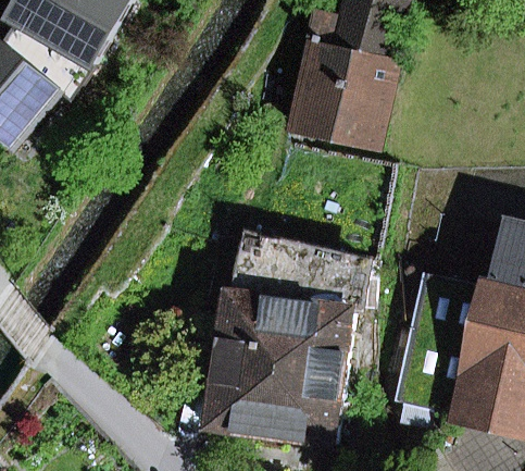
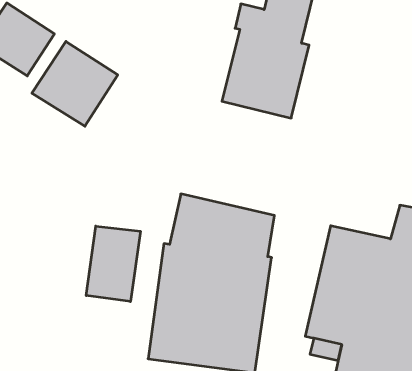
building: none -> [32,41,118,126]
building: none -> [86,226,140,302]

